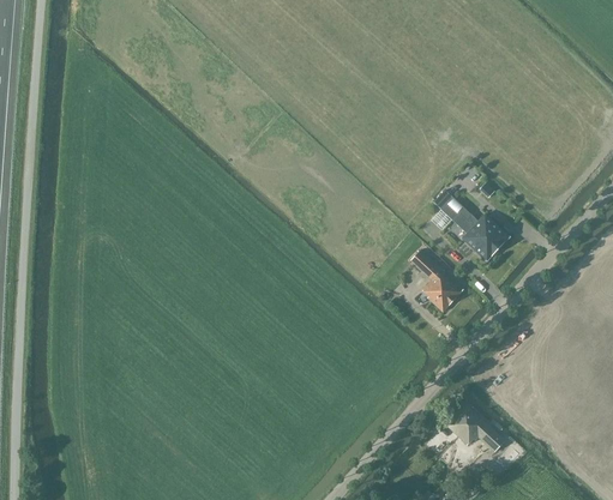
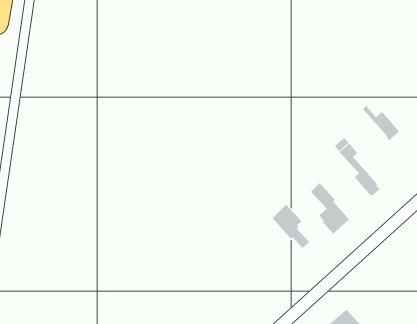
building: [459,210,510,253] -> [362,105,400,141]
building: none -> [272,204,310,249]

